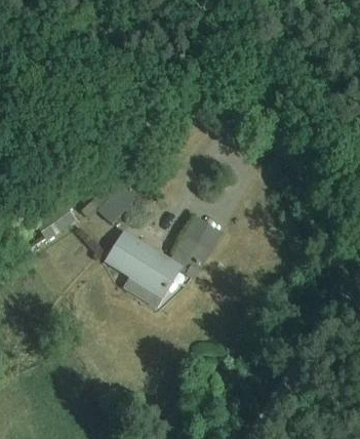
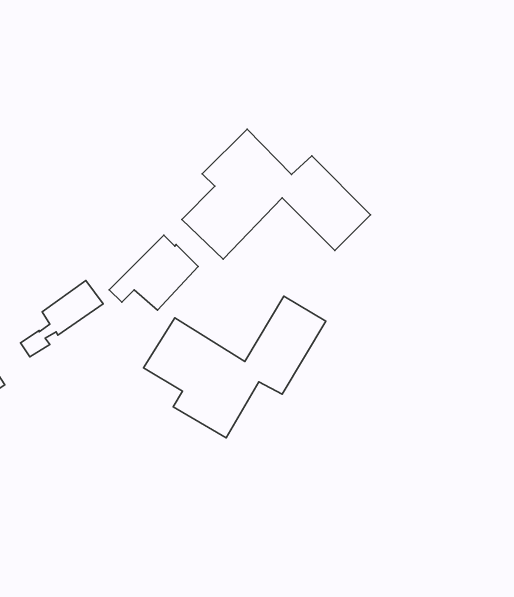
building: none -> [182,129,371,259]

